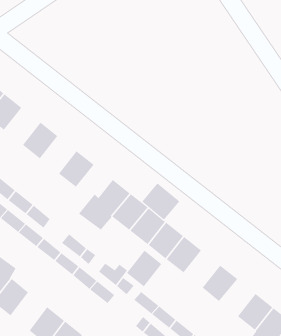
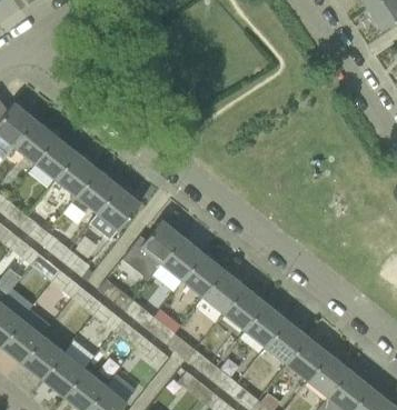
building: none -> [36,137,78,180]
building: none -> [78,170,120,213]
building: [142,183,180,220] -> none
building: [126,250,162,287] -> [246,303,288,347]
building: none -> [287,337,329,380]
building: none -> [43,352,86,397]

